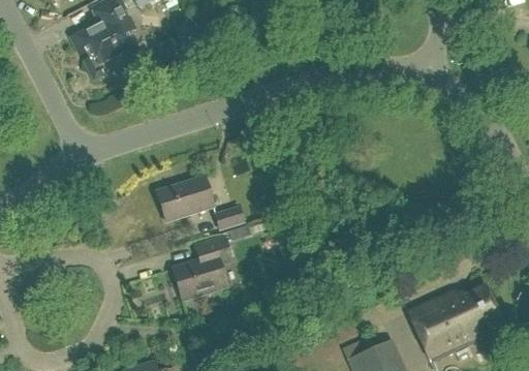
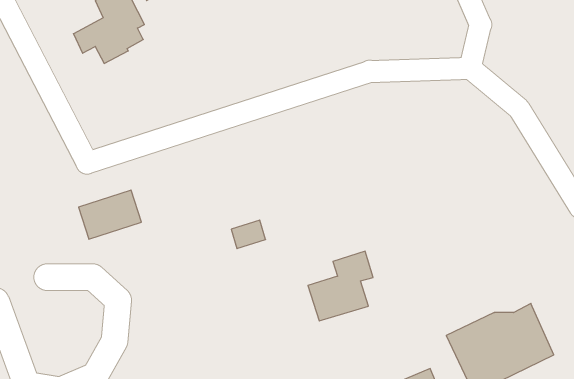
building: [156,177,213,221] -> [79,190,141,239]
building: [172,238,230,301] -> [308,251,373,321]

